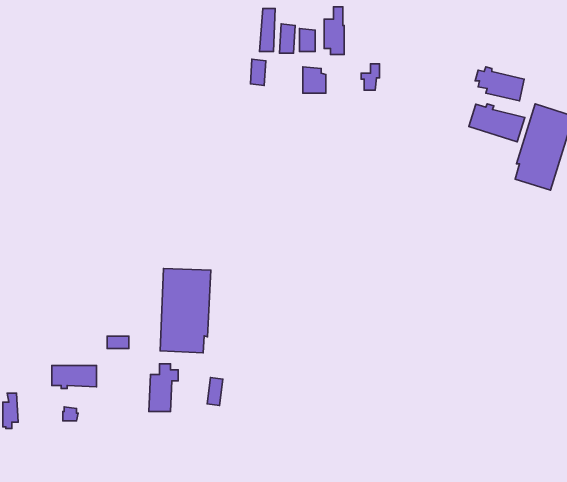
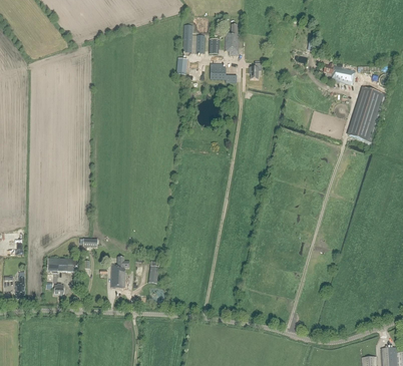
building: [469,104,525,142] -> none
building: [160,269,211,353] -> none

